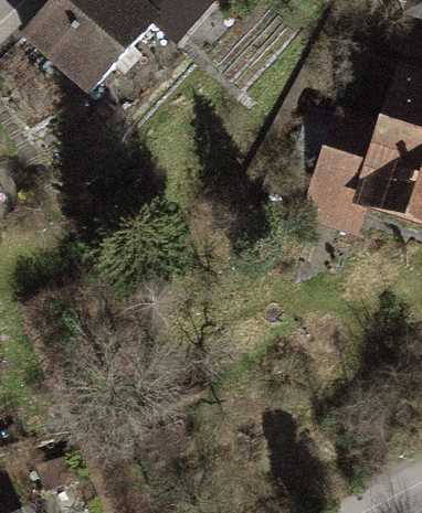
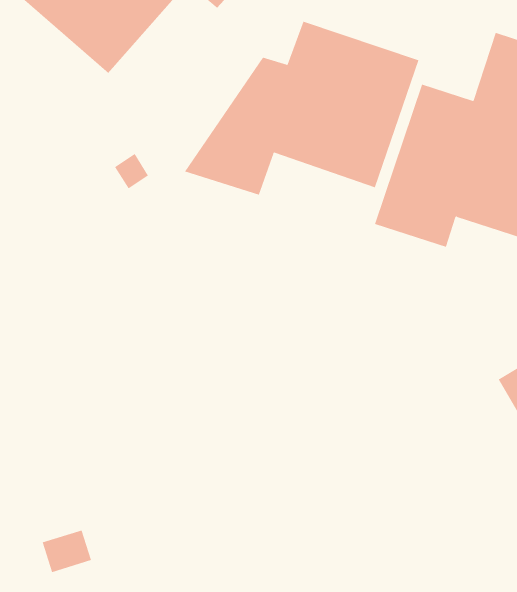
building: none -> [184,21,419,196]

